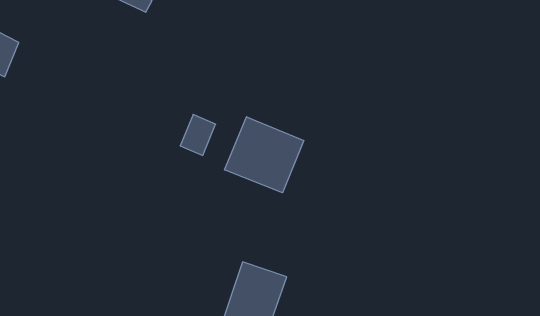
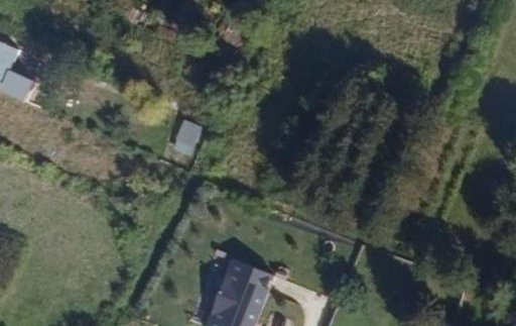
building: [225,117,304,193] -> none

